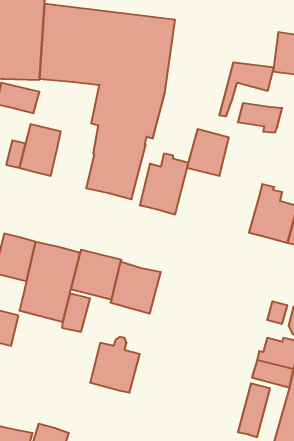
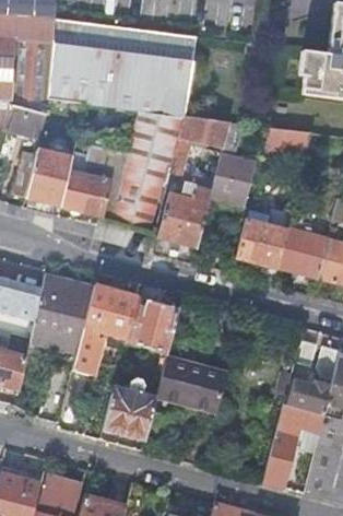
building: [219,62,274,116] -> [170,115,229,173]
building: none -> [62,144,114,218]
building: none -> [232,206,292,277]
building: none -> [158,356,228,412]

